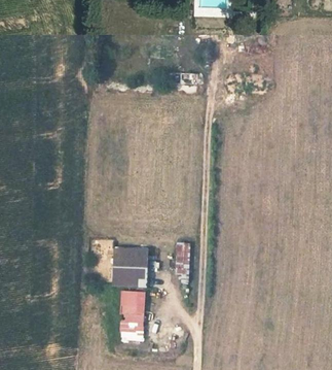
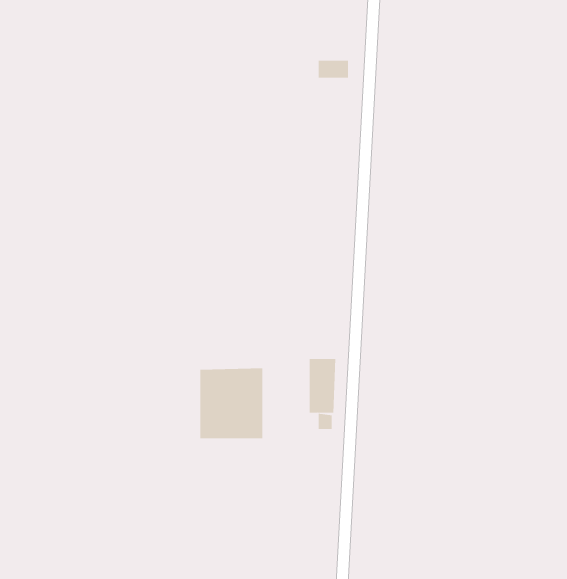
building: [120,289,145,339] -> none

